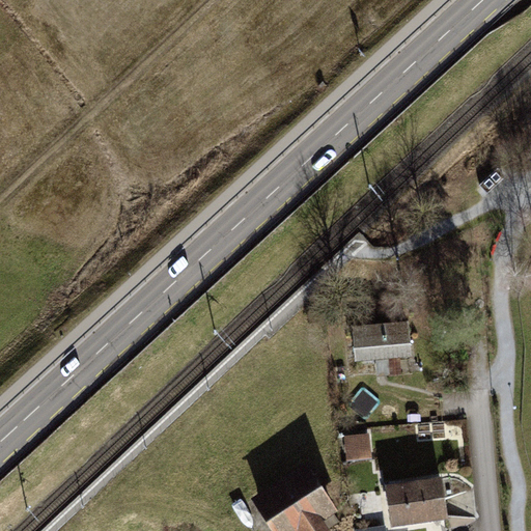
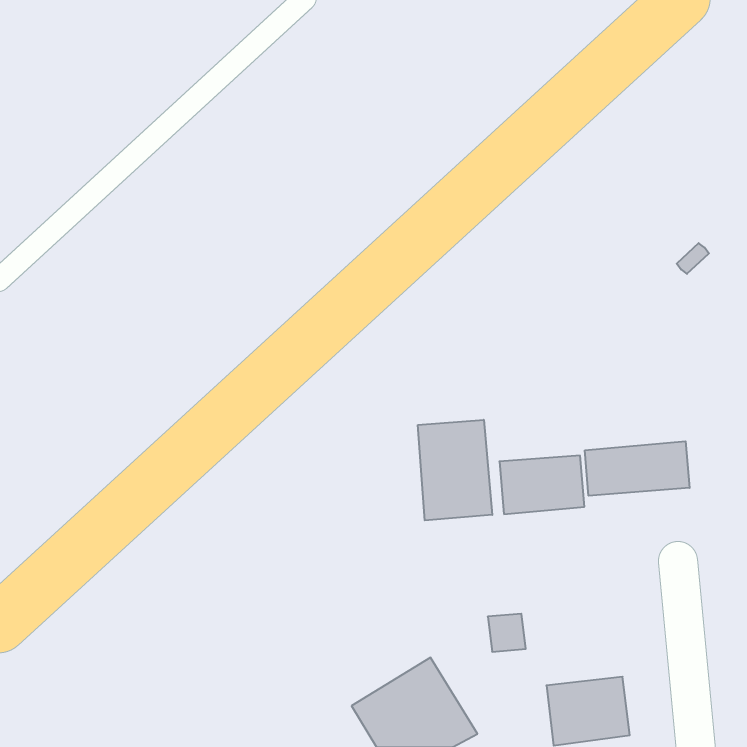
building: none -> [418,420,492,520]
building: none -> [585,441,690,496]

